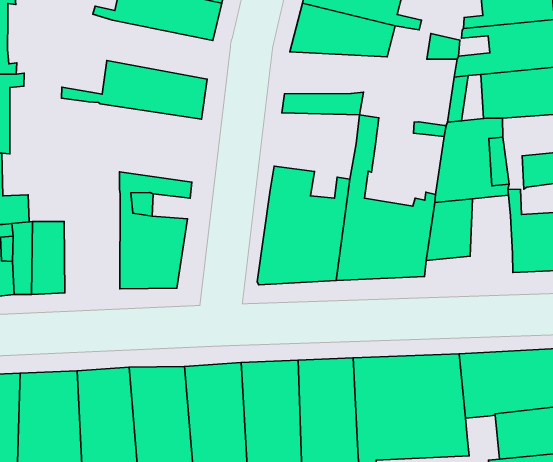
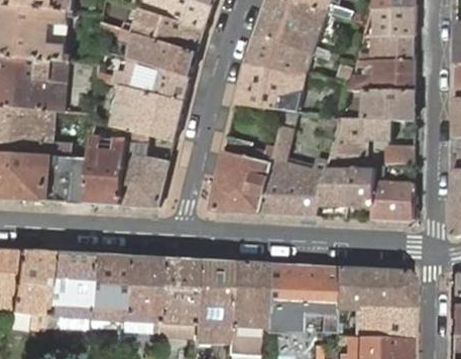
building: none -> [101,21,196,76]
building: none -> [238,64,306,94]
building: none -> [109,84,184,140]
building: none -> [86,131,127,204]
building: none -> [346,168,374,206]

